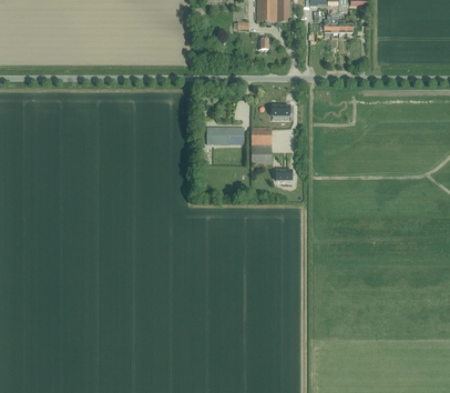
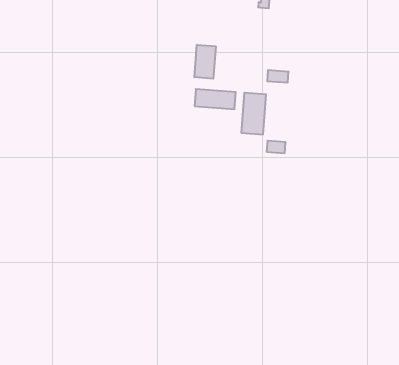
building: none -> [194,45,216,79]

